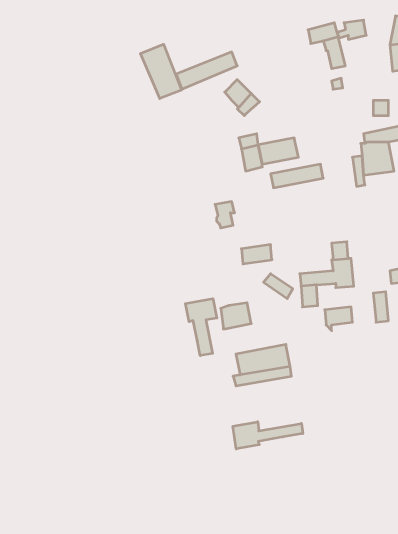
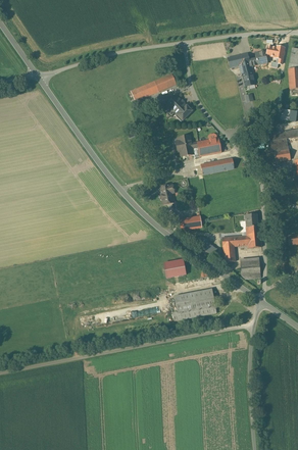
building: [140,44,182,99] -> none
building: [185,299,217,356] -> none
building: [233,422,303,449] -> none

